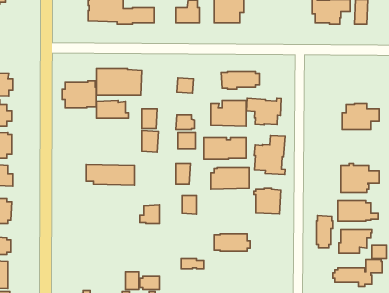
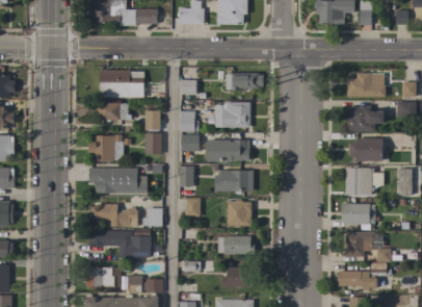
building: none -> [346,73,386,97]
building: [62,81,96,108] -> [88,134,123,161]
building: [247,98,281,125] -> none
building: [254,135,285,175] -> none
building: none -> [348,137,383,160]
building: [254,188,281,214] -> [225,200,252,226]
building: none -> [90,203,137,226]
building: [316,215,333,248] -> none
building: none -> [88,230,151,258]
building: none -> [86,266,121,286]
building: none -> [222,266,252,287]

